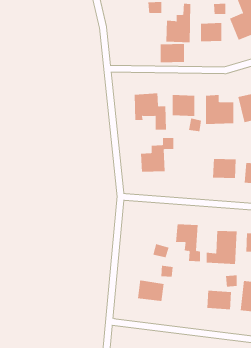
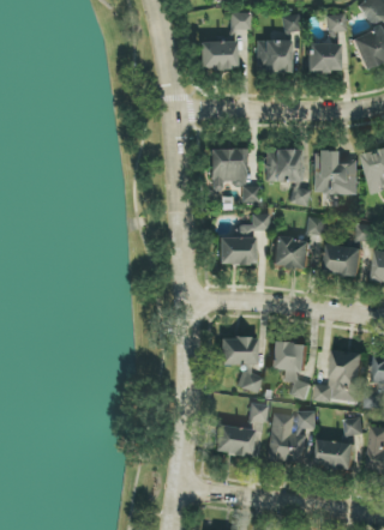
building: [160,43,185,63] -> [199,41,236,70]
building: none -> [272,217,324,269]
building: none -> [220,337,257,365]
building: none -> [269,410,317,463]

